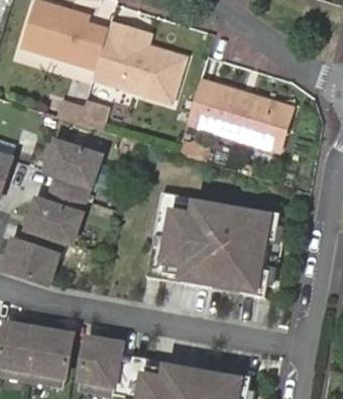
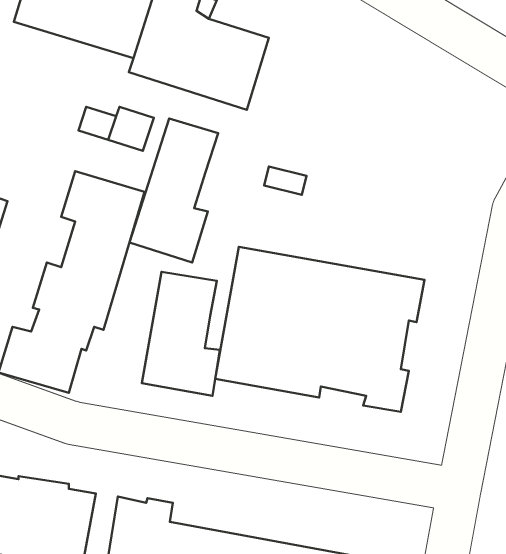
building: [188,78,289,146] -> none
building: none -> [130,118,218,262]
building: none -> [142,272,220,396]

